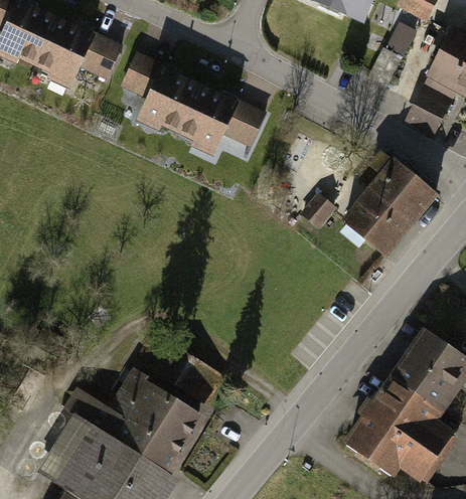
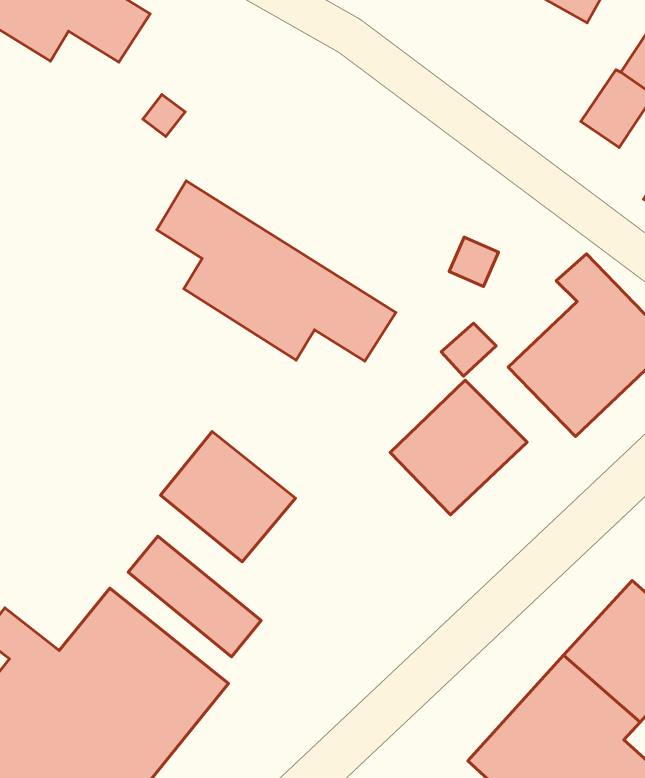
building: [125,54,264,147] -> [157,181,396,361]
building: none -> [390,380,527,515]
building: none -> [160,432,296,562]

